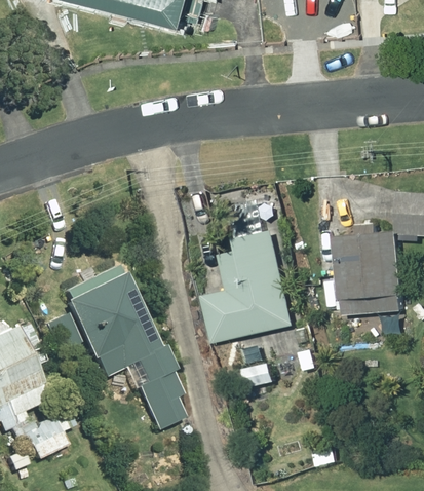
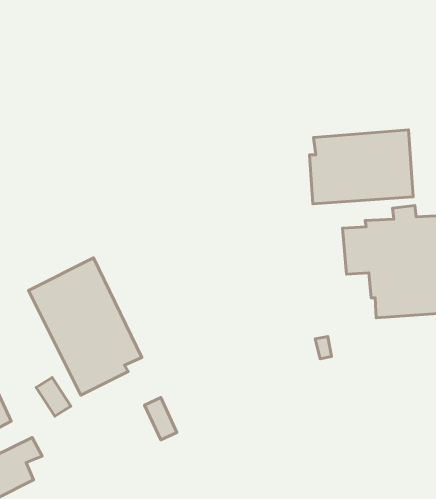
building: none -> [309,130,413,204]
building: [206,228,298,341] -> none

